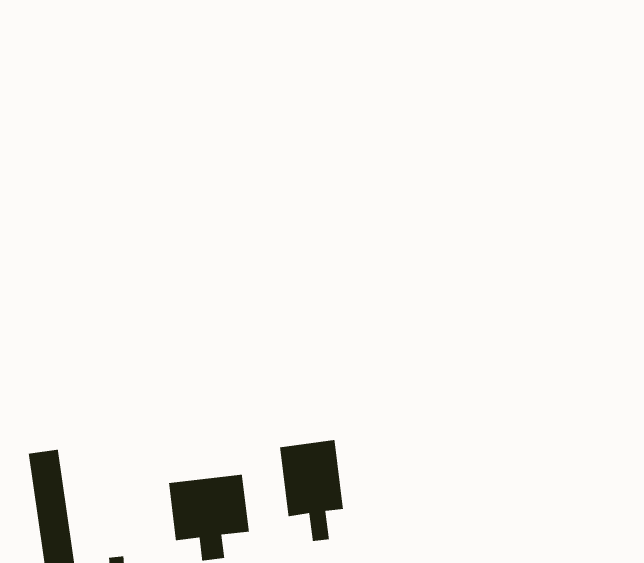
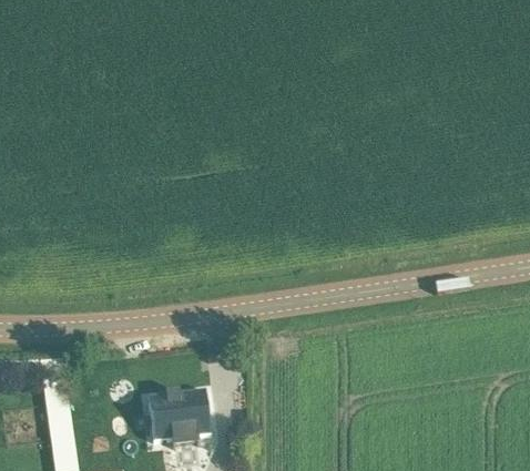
building: [279,439,344,542] -> none

